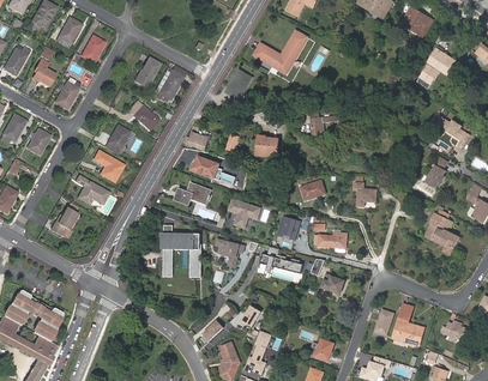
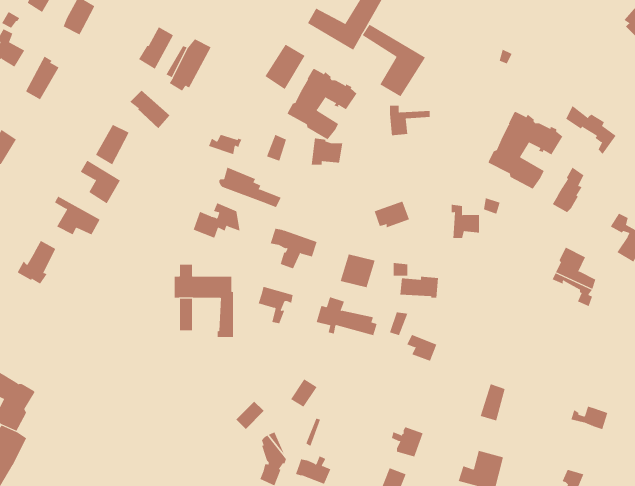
building: [417,48,456,87] -> none
building: none -> [362,24,426,97]
building: none -> [287,68,357,140]
building: none -> [488,111,563,190]
building: [392,303,424,346] -> none

